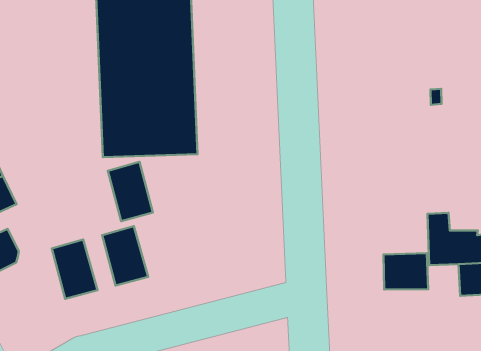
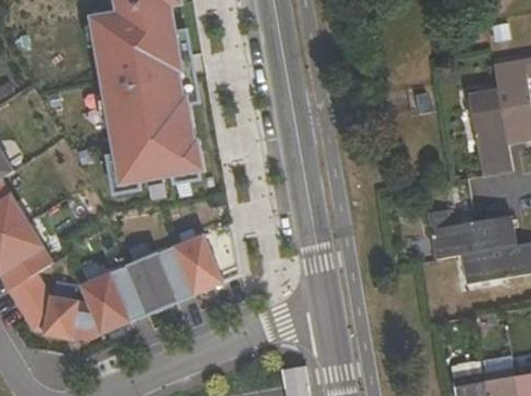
building: [108,162,153,221] -> [175,238,222,295]
building: [383,253,428,289] -> none
building: none -> [45,298,77,344]

